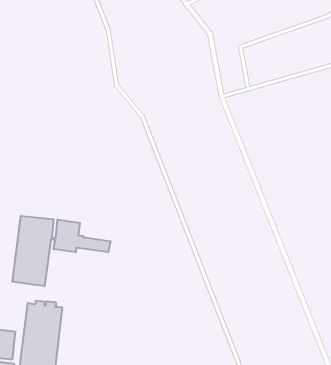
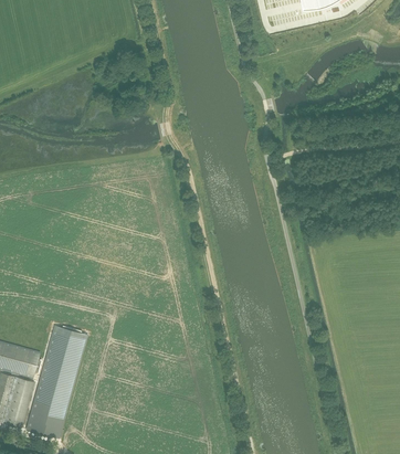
building: [12,216,111,286] -> none

